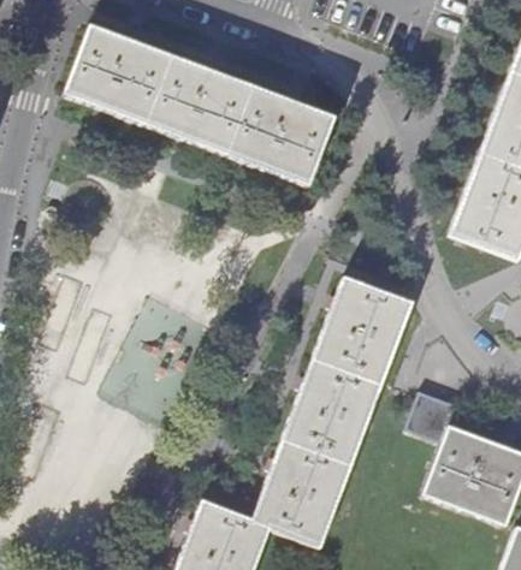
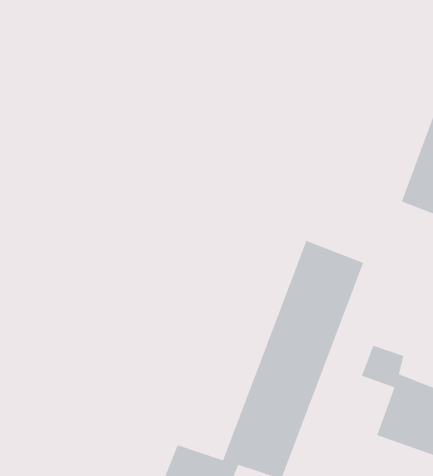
building: [65,28,332,185] -> none

